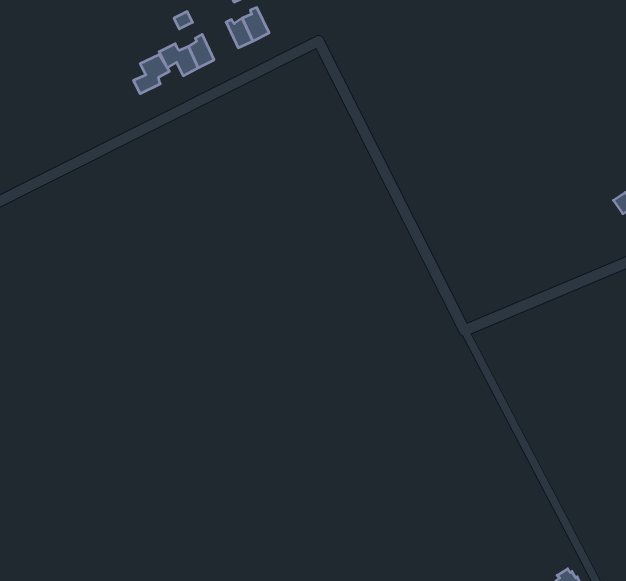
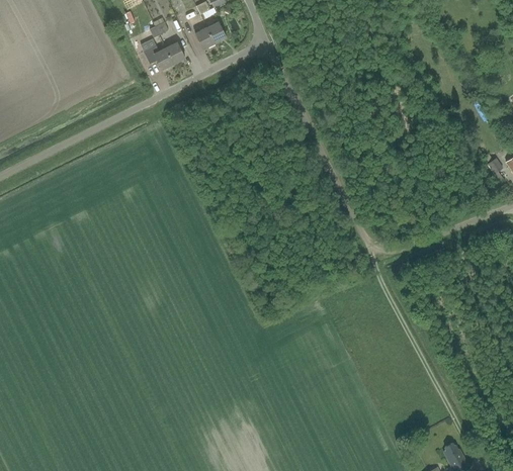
building: [134,55,169,94] -> none

